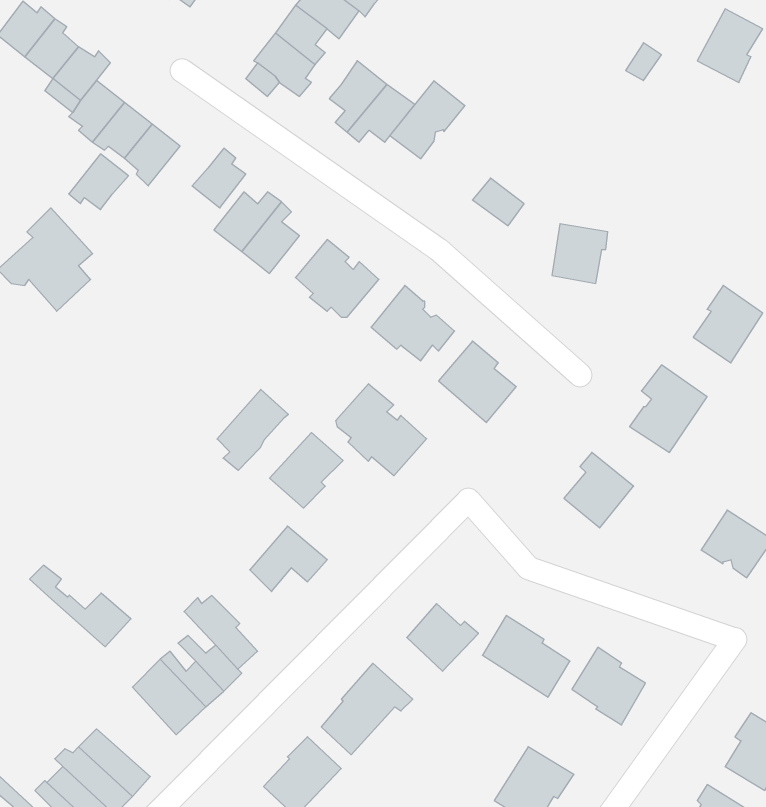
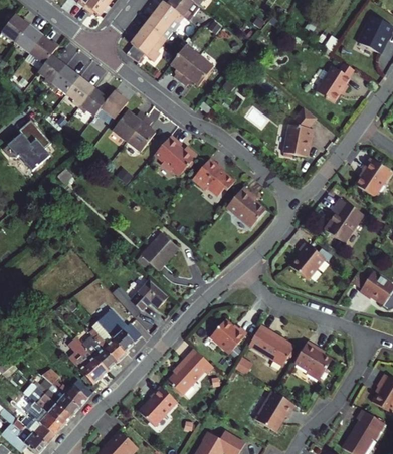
building: [390,81,465,159] -> none
building: none -> [316,58,353,103]
building: [69,154,128,210] -> [79,87,110,116]
building: [336,384,427,476] -> none
building: [217,389,288,470] -> none
building: [30,565,131,647] -> [42,365,93,406]

